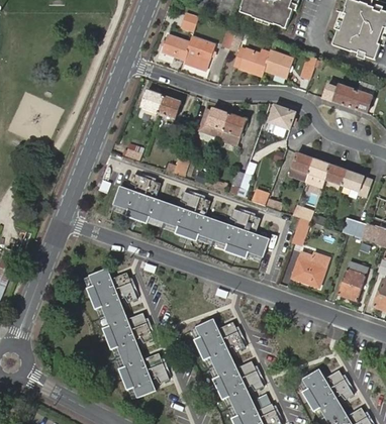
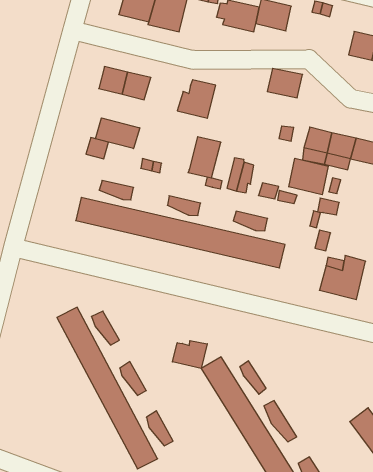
building: [218,112,246,144] -> [188,137,221,178]
building: none -> [95,118,140,149]
building: none -> [289,158,328,195]
building: none -> [172,341,207,369]

